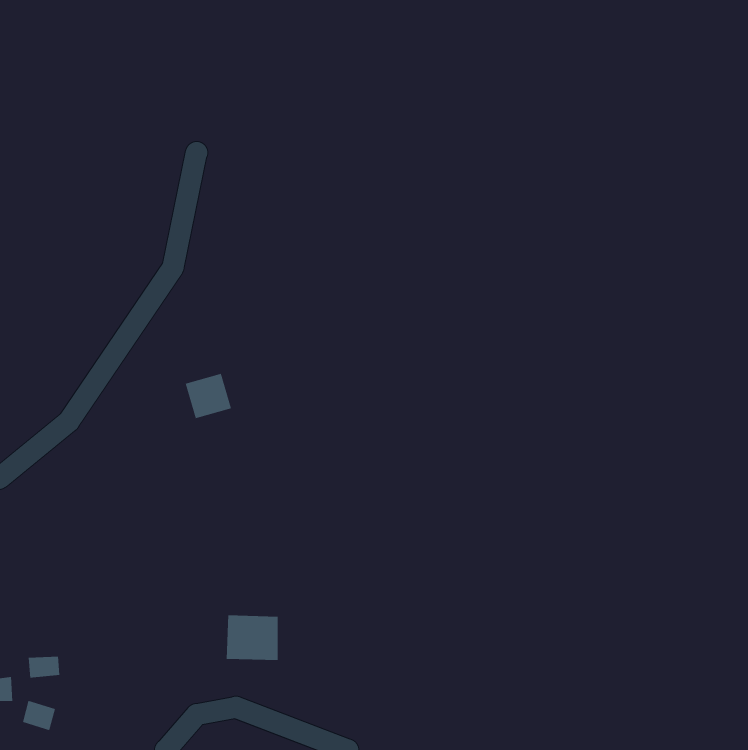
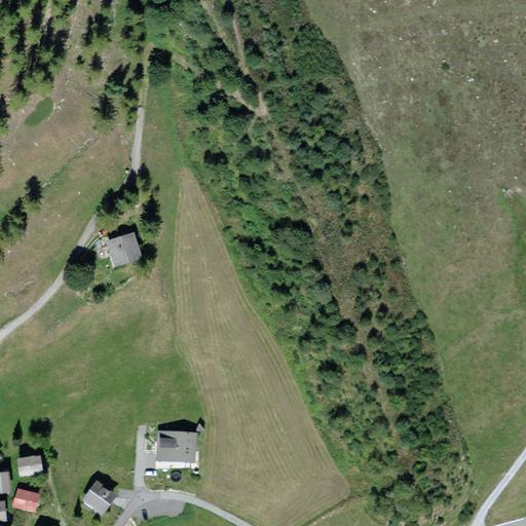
building: [185,373,232,419] -> [106,233,139,265]
building: none -> [86,482,115,510]

